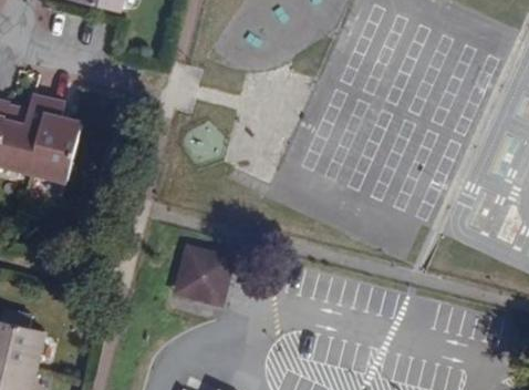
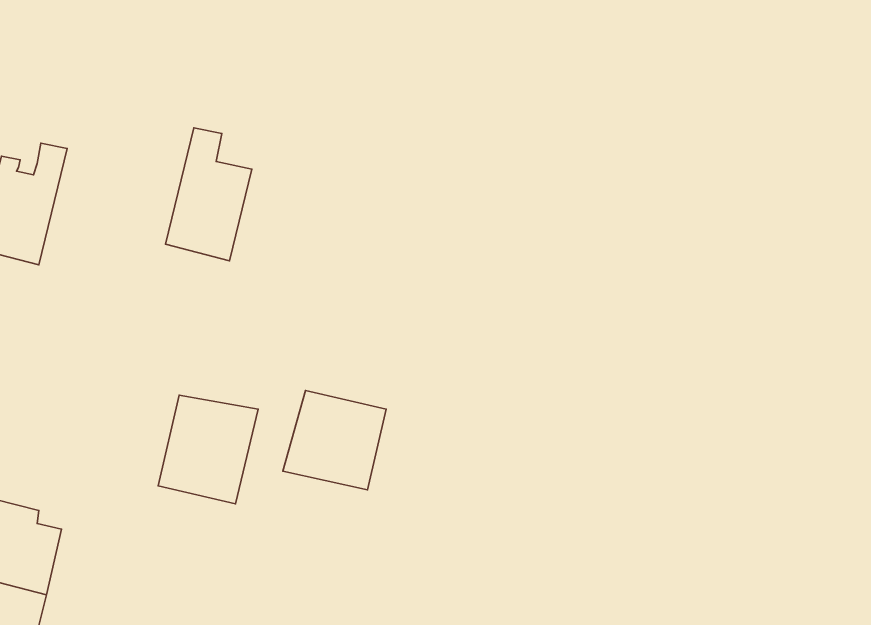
building: [30,104,81,183] -> [166,128,252,261]
building: none -> [158,395,258,504]

